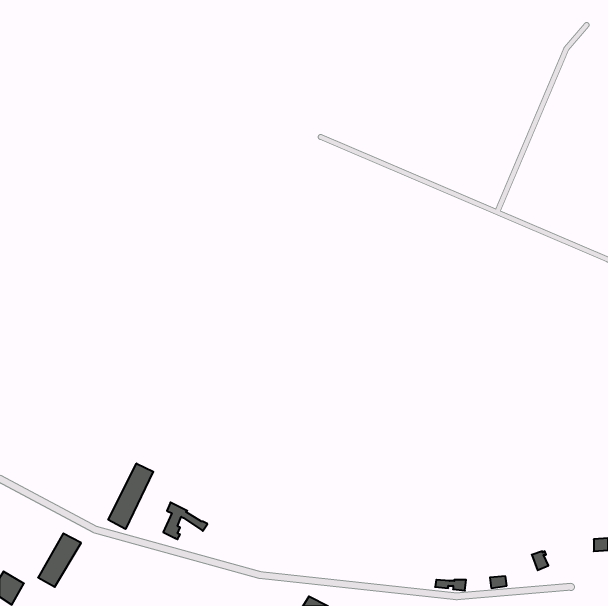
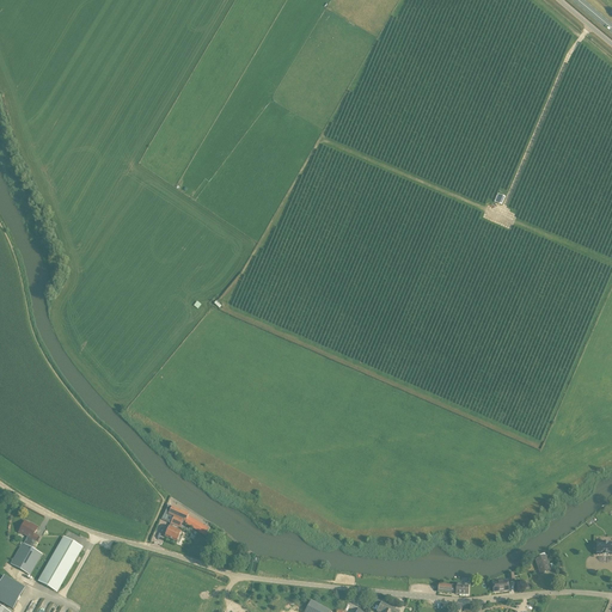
building: [108,463,153,529] -> none
building: none -> [10,520,41,573]

